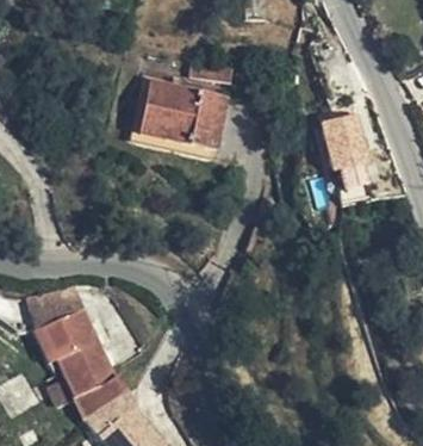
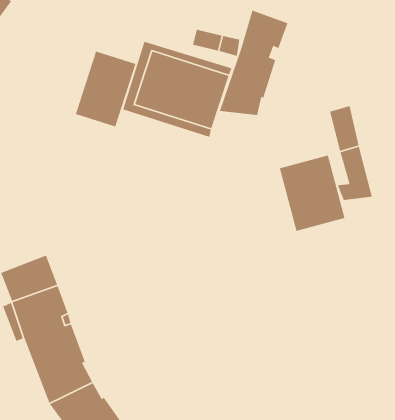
building: none -> [219,10,289,116]
building: none -> [75,51,137,128]
building: none -> [279,154,346,232]

